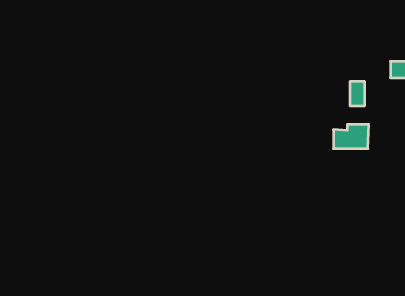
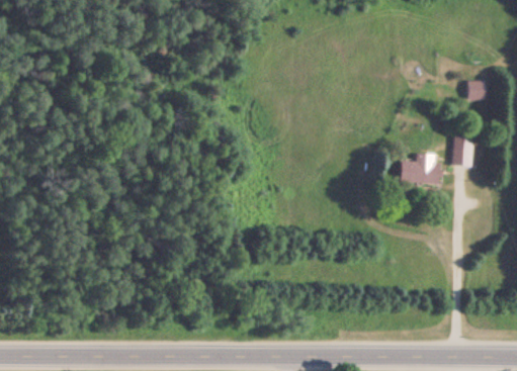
building: [350,82,365,106] -> [454,137,471,166]

